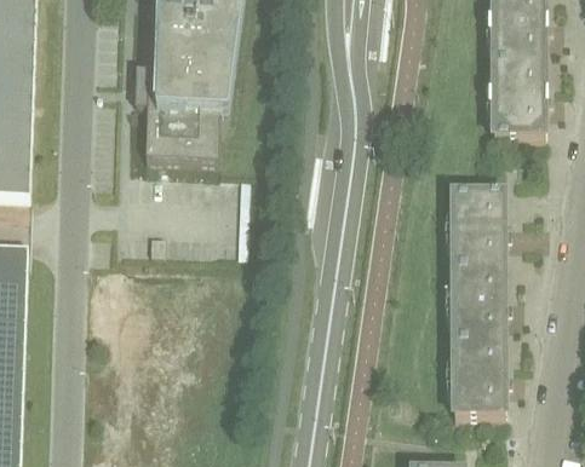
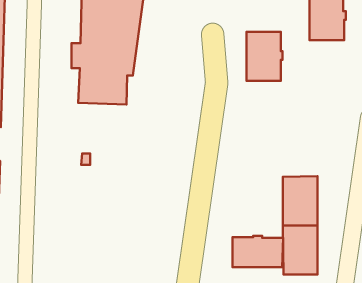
building: [492,62,546,136] -> [246,32,283,81]
building: [452,192,504,267] -> none
building: none -> [232,236,283,267]

